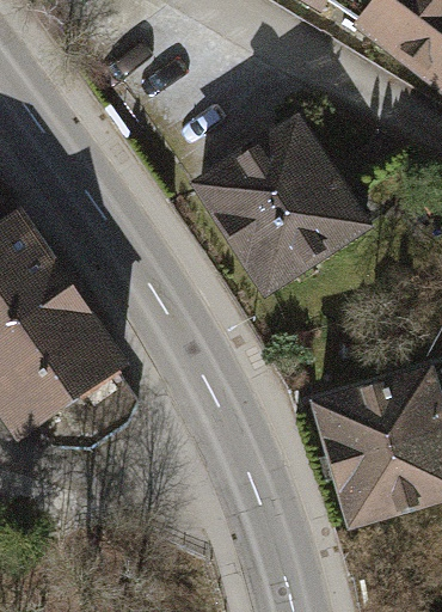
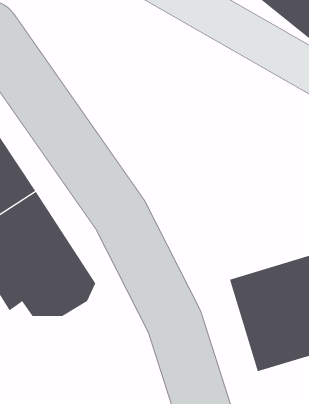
building: [191,112,369,292] -> none

